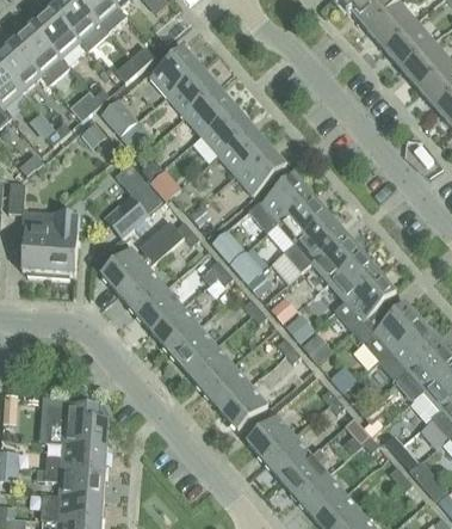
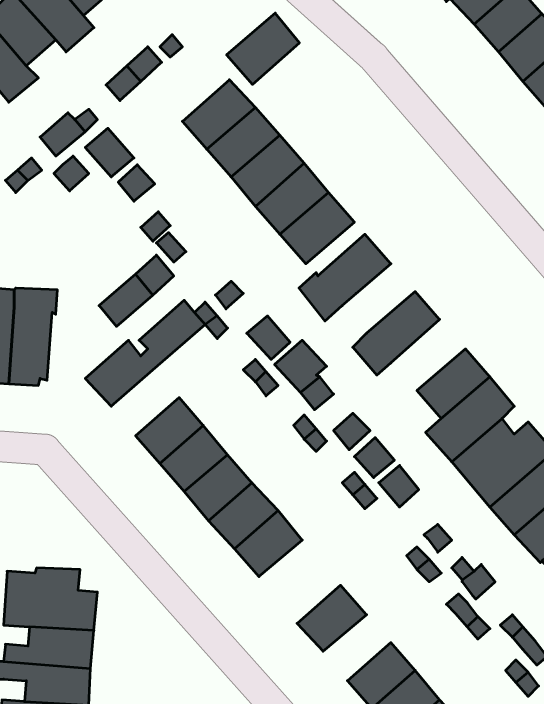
building: [149,47,199,96] -> [227,13,299,84]
building: [277,193,327,241] -> none
building: [310,232,361,281] -> none
building: [118,266,165,312] -> none
building: [219,383,267,429] -> none
building: [264,435,310,480] -> none

